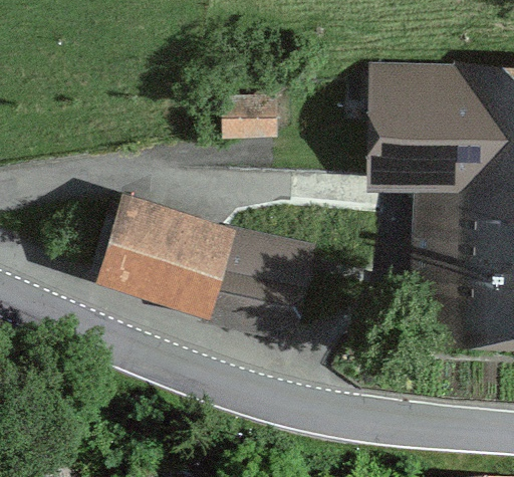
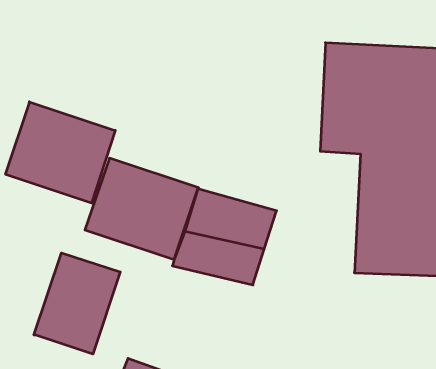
building: none -> [6,102,115,203]
building: none -> [34,253,120,354]

